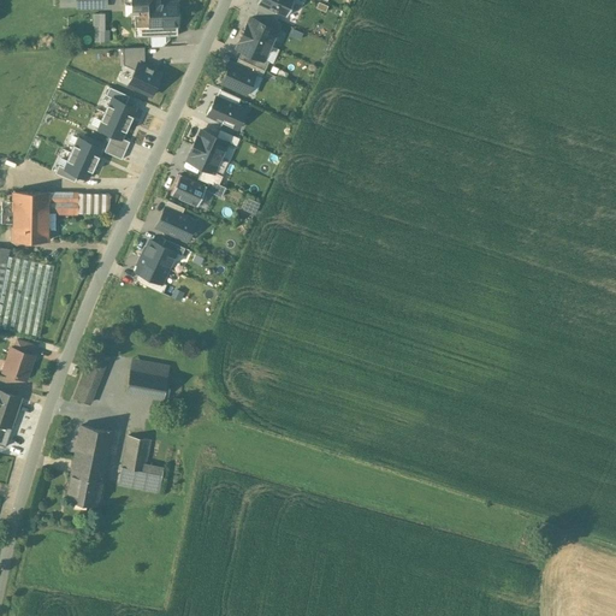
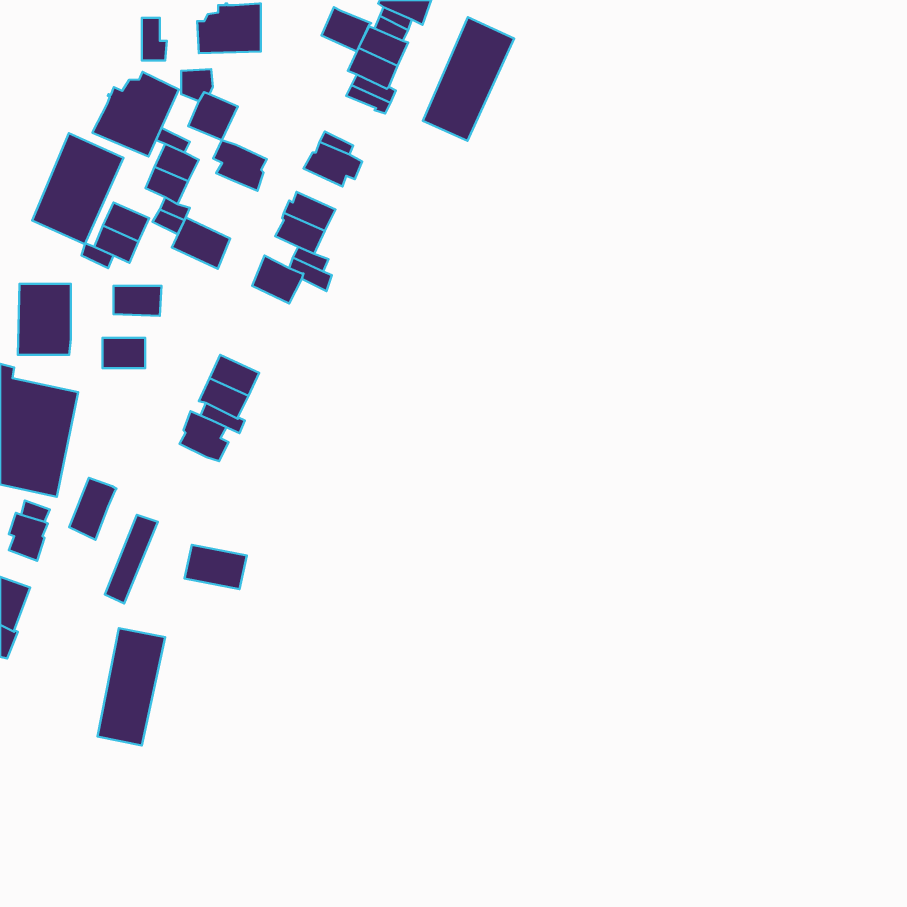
building: none -> [423,17,514,141]
building: none -> [92,72,179,156]
building: [221,63,255,93] -> [321,7,371,52]
building: none -> [32,133,124,244]
building: none -> [213,140,267,191]
building: [48,192,77,213] -> [102,338,145,368]
building: [155,206,195,241] -> [172,217,230,269]
building: none -> [180,411,228,461]
building: none -> [69,478,117,540]
building: [118,436,162,492] -> none

